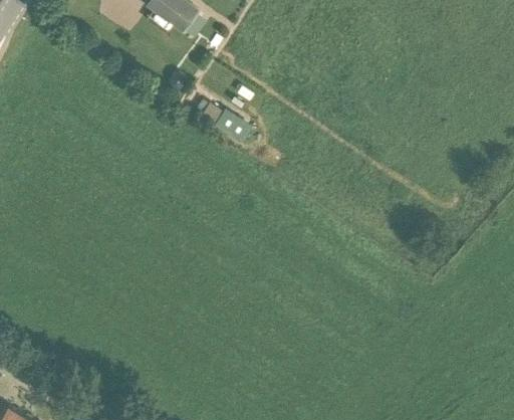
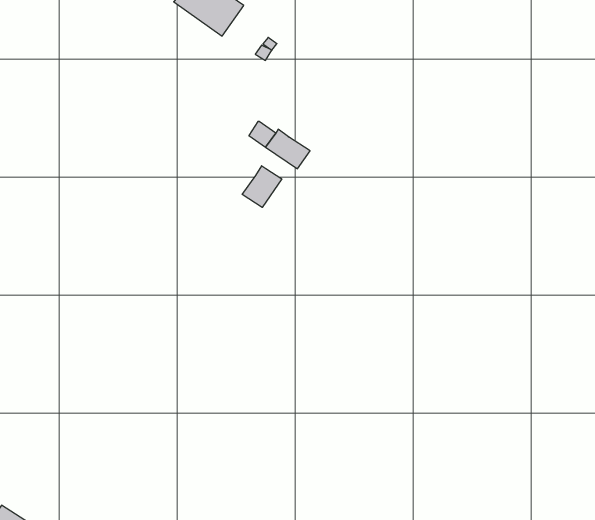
building: none -> [242,166,282,207]

